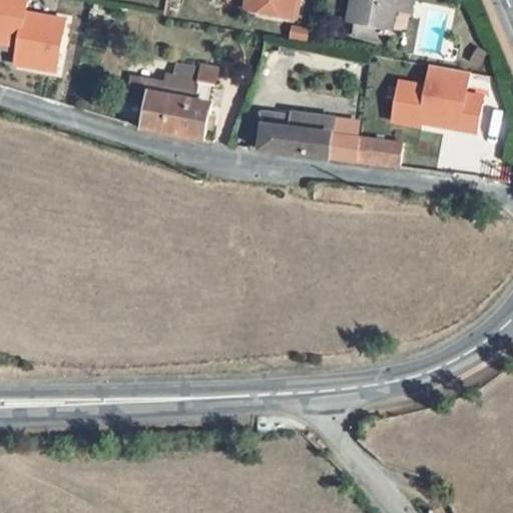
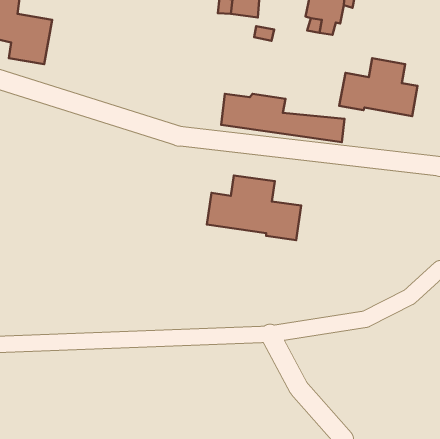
building: [125,58,213,134] -> none
building: none -> [207,176,301,240]

